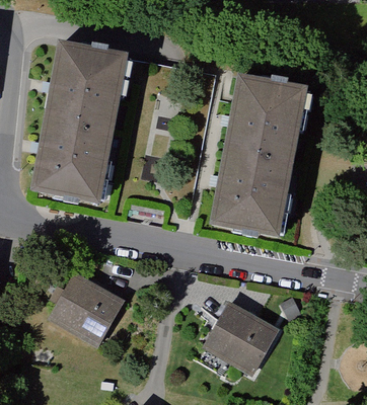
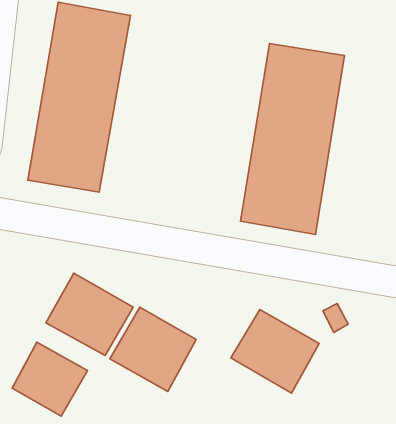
building: none -> [110,307,196,392]
building: none -> [12,342,88,416]

